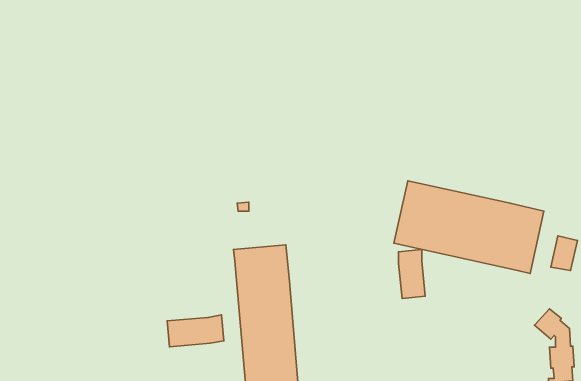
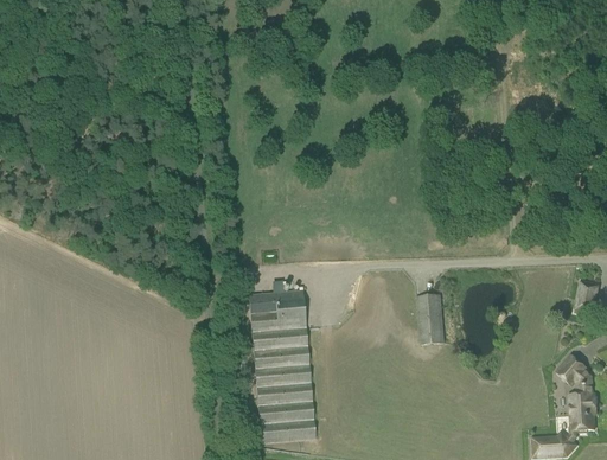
building: [394,181,544,273] -> none
building: [167,315,224,347] -> none

